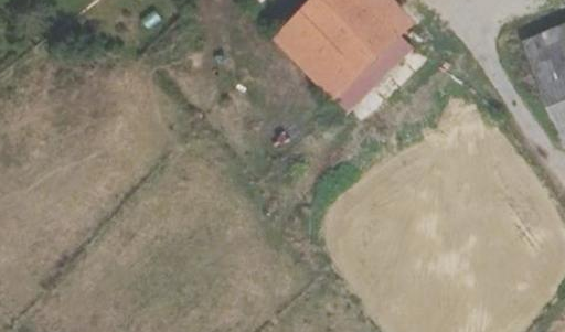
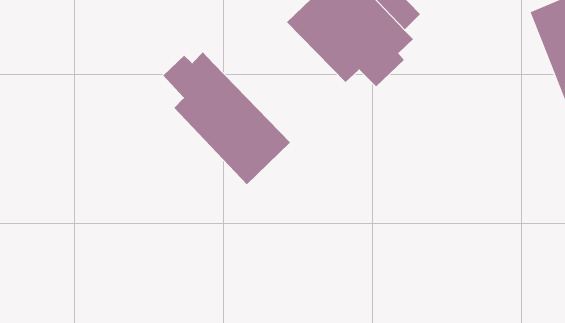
building: none -> [162,51,291,185]

